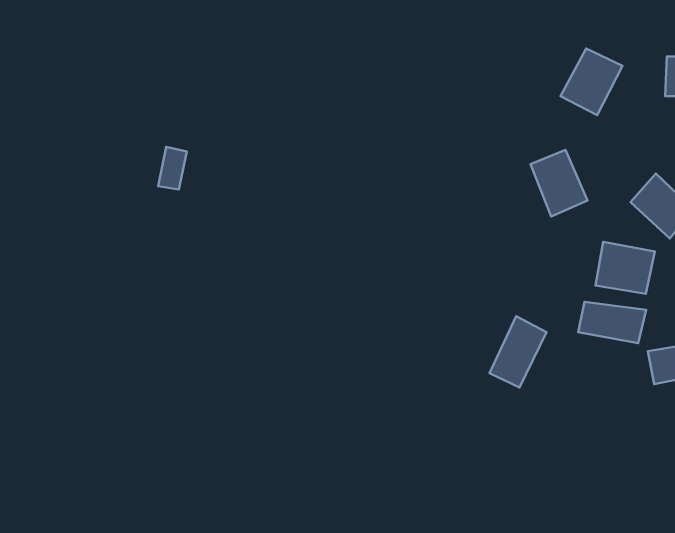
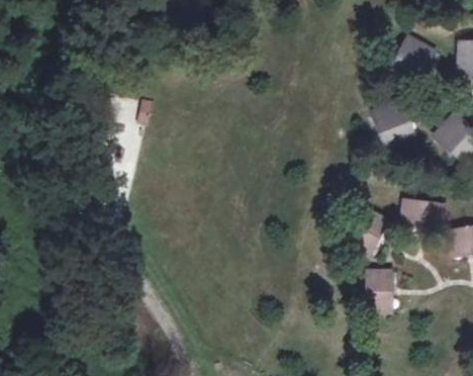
building: [595,242,655,294] -> none
building: none -> [367,271,390,311]

